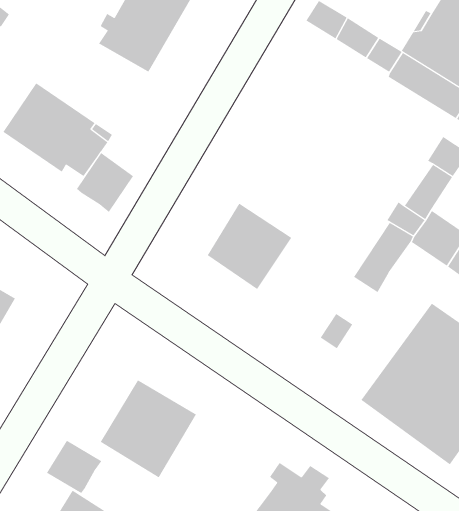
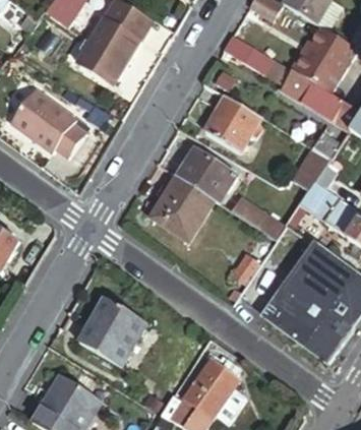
building: none -> [204,95,259,149]
building: [76,152,134,213] -> none
building: none -> [176,147,236,201]
building: [46,440,102,494] -> none

